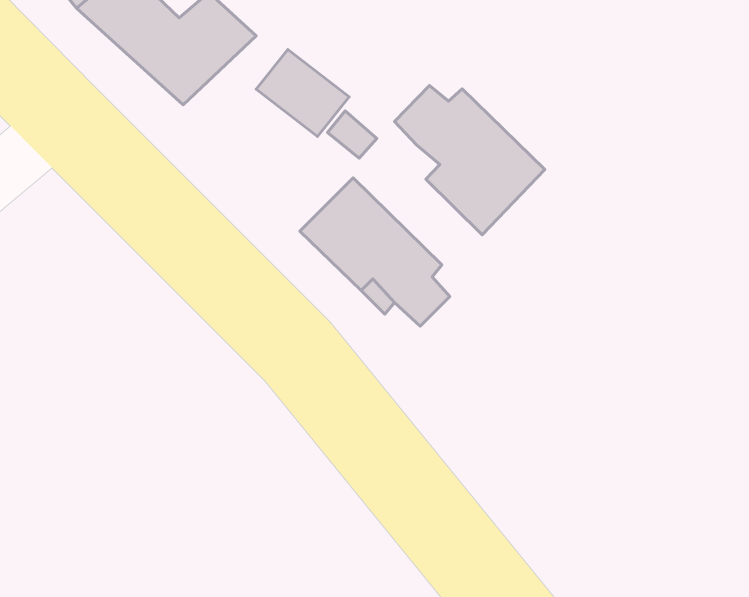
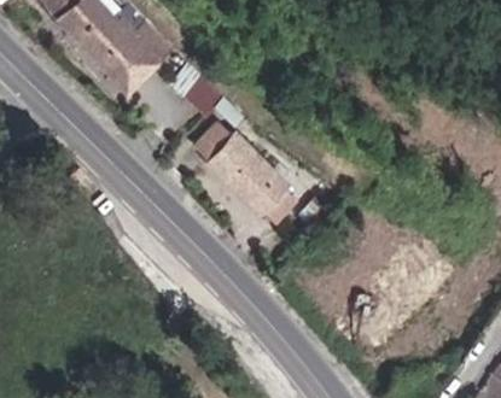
building: [395,85,545,235] -> none

